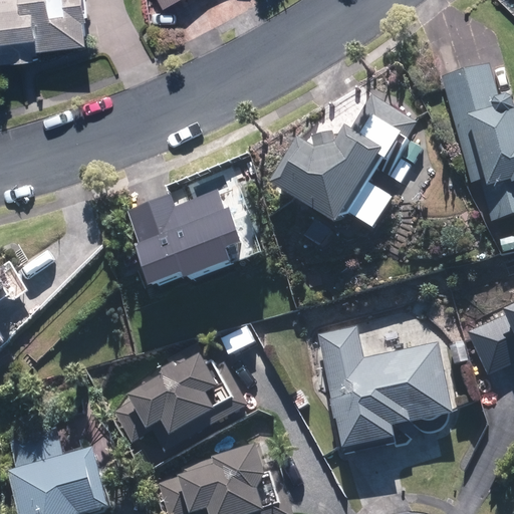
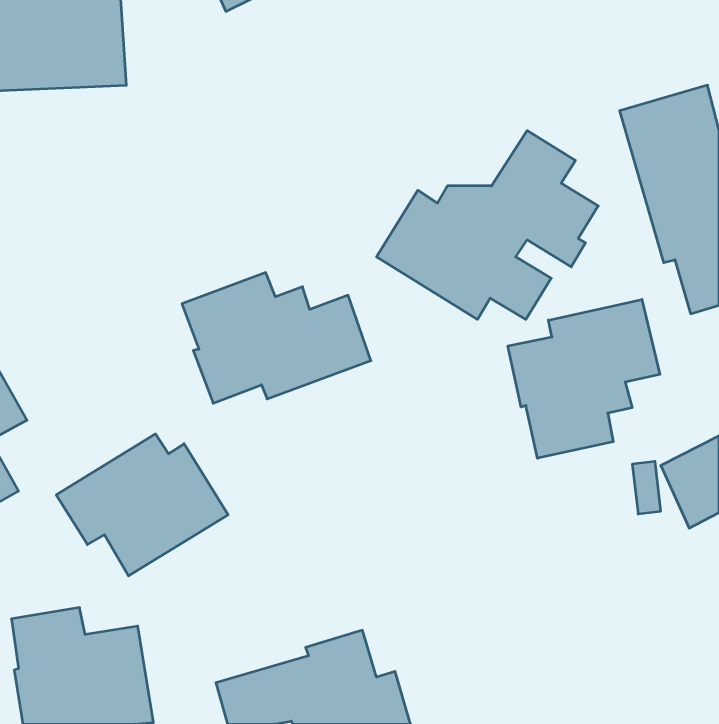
building: none -> [508,299,660,458]
building: [313,318,455,451] -> none
building: [126,350,248,451] -> [56,434,228,576]

